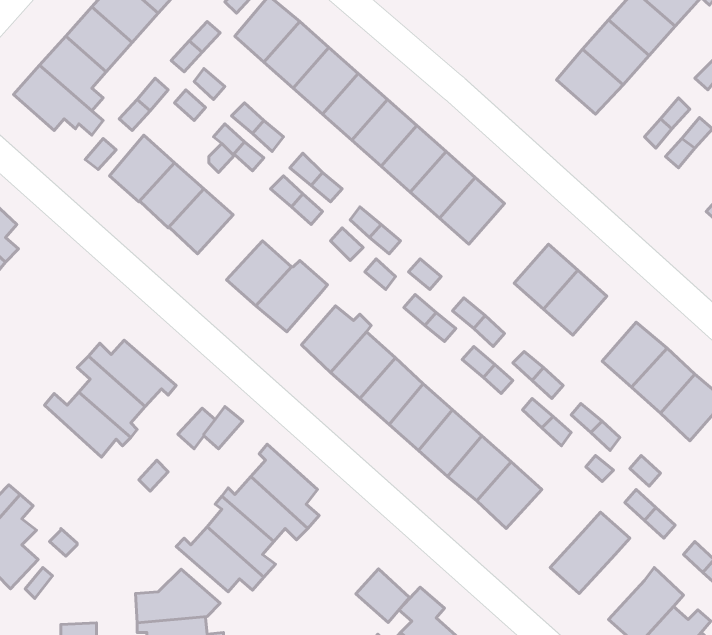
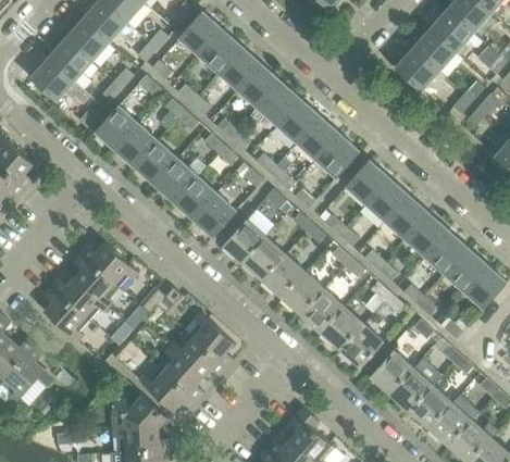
building: none -> [153,158,197,201]
building: none -> [345,159,388,203]
building: none -> [405,212,447,255]
building: none -> [43,285,89,341]
building: none -> [370,349,413,394]
building: none -> [409,385,452,433]
building: [356,569,409,622] -> none

